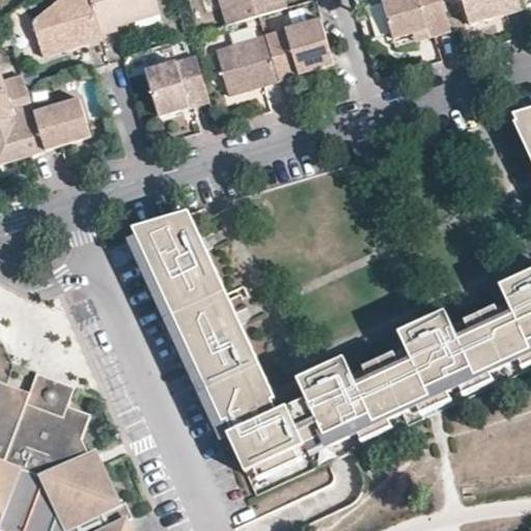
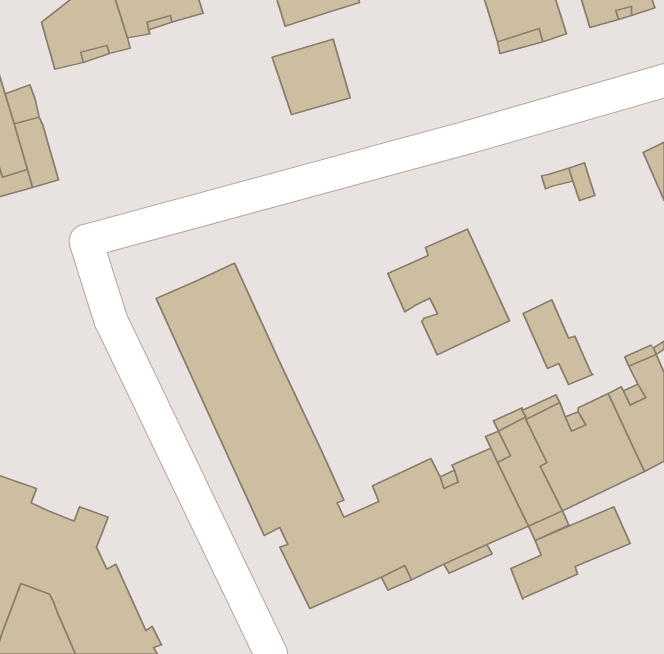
building: [264,12,335,78] -> none
building: [146,51,209,112] -> none
building: [34,90,95,143] -> none
building: none -> [388,229,509,355]
building: none -> [523,300,593,384]
building: [25,370,72,415] -> none
building: none -> [511,507,630,599]

